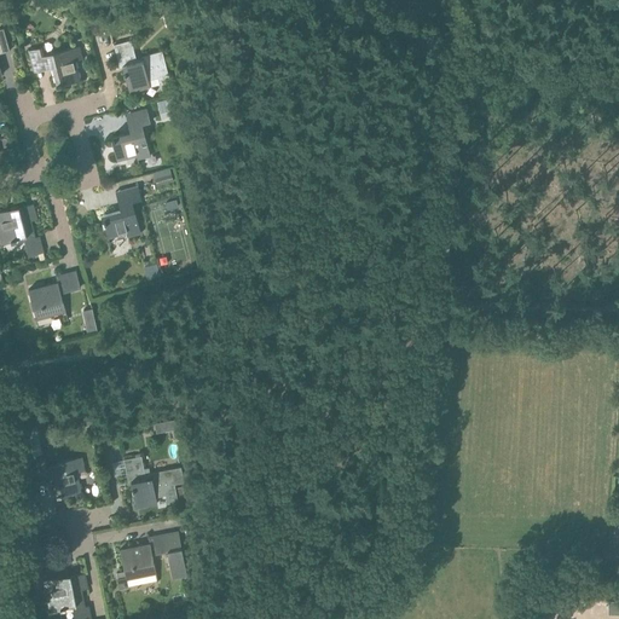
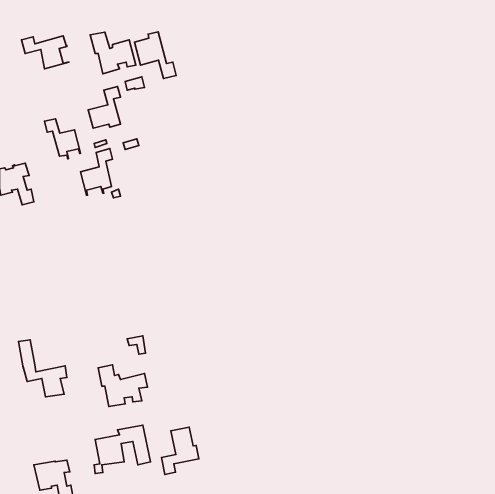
building: none -> [135,32,176,79]
building: none -> [44,119,81,159]
building: [28,272,80,330] -> none
building: none -> [162,427,199,474]

